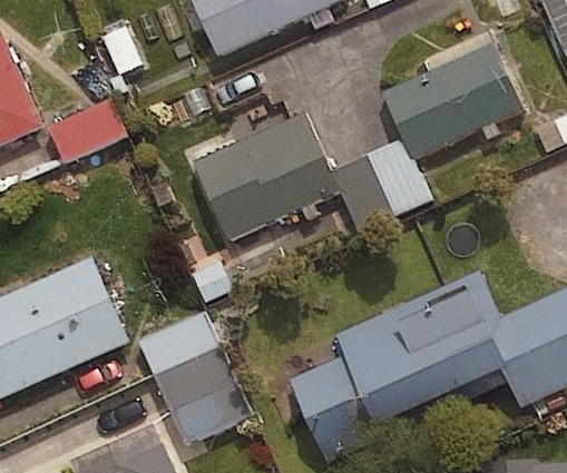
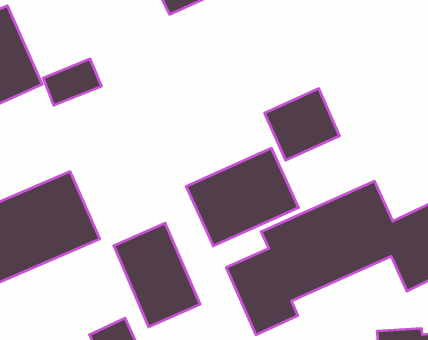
building: [383,43,520,157] -> none
building: [194,111,338,236] -> [186,148,299,246]

